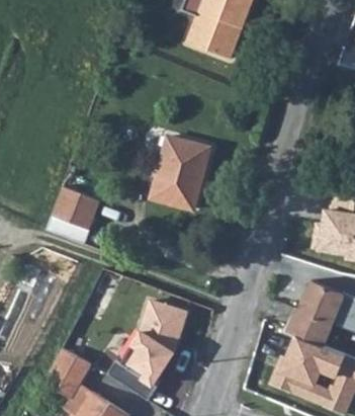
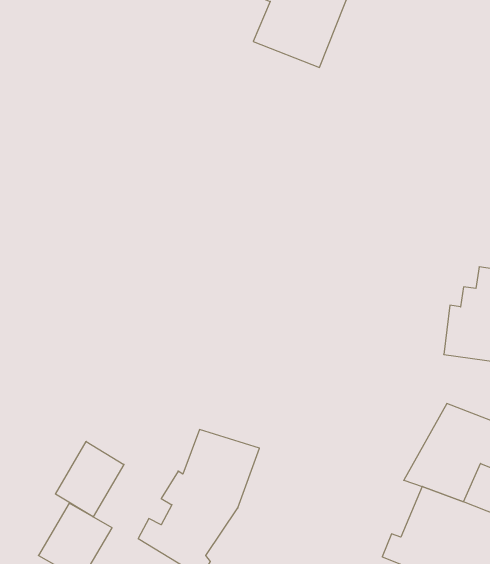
building: [155,140,208,207] -> none
building: [54,185,103,228] -> none
building: none -> [55,441,124,517]

